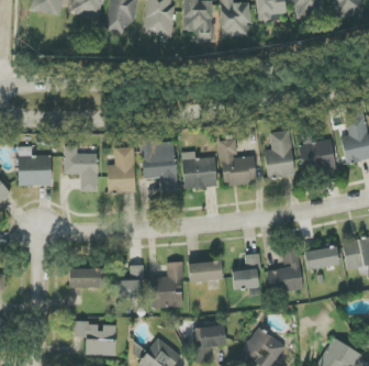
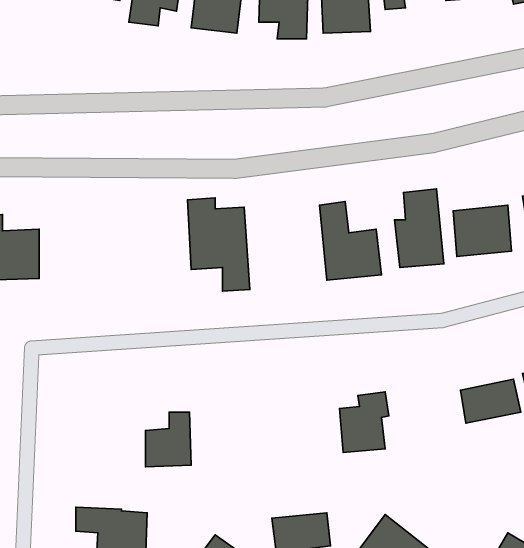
building: [64,145,98,191] -> none
building: [108,147,135,192] -> none
building: [182,157,217,189] -> none
building: [267,247,303,292] -> none
building: [188,259,223,282] -> none
building: [150,262,183,308] -> none
building: [69,268,103,288] -> none

